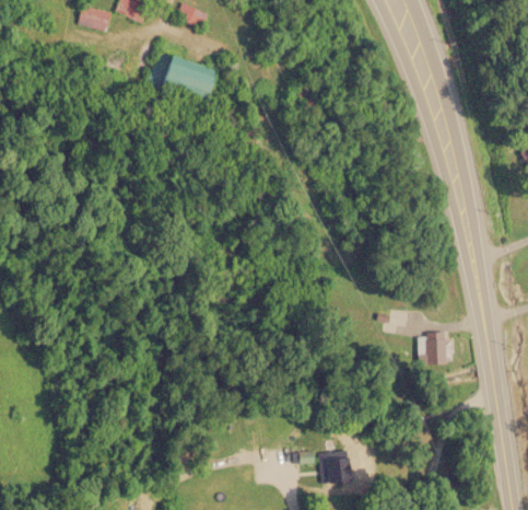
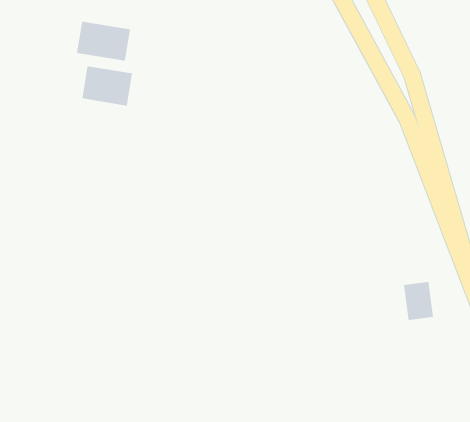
building: none -> [82,66,133,106]

